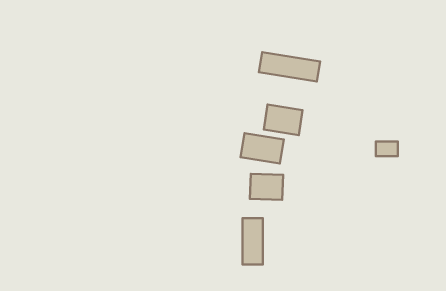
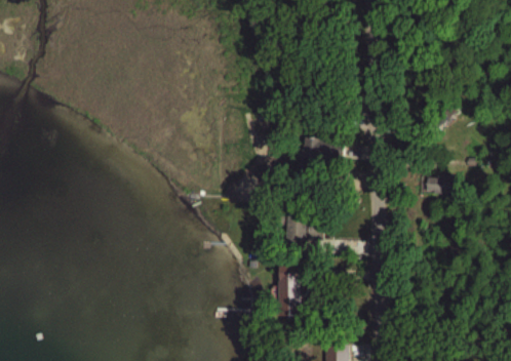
building: [259,52,320,81] -> none
building: [241,133,284,163] -> none

